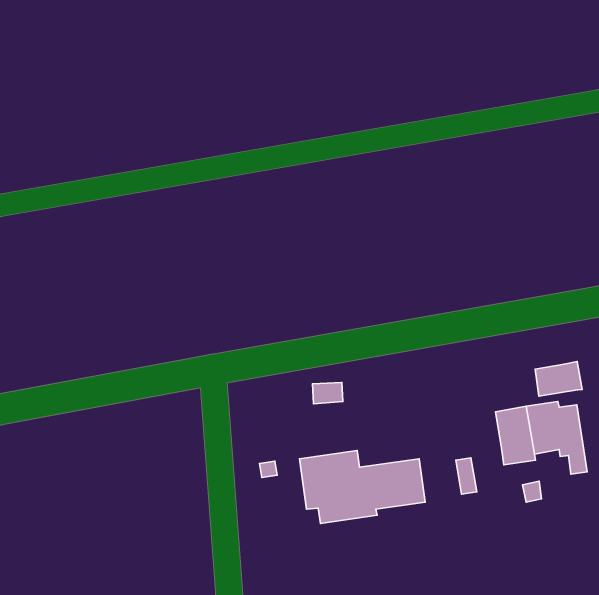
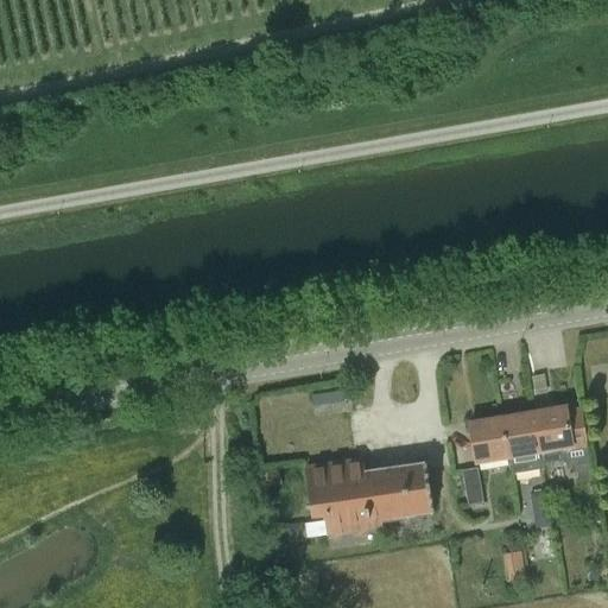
building: [535,362,582,396] -> none
building: none -> [469,417,507,460]

